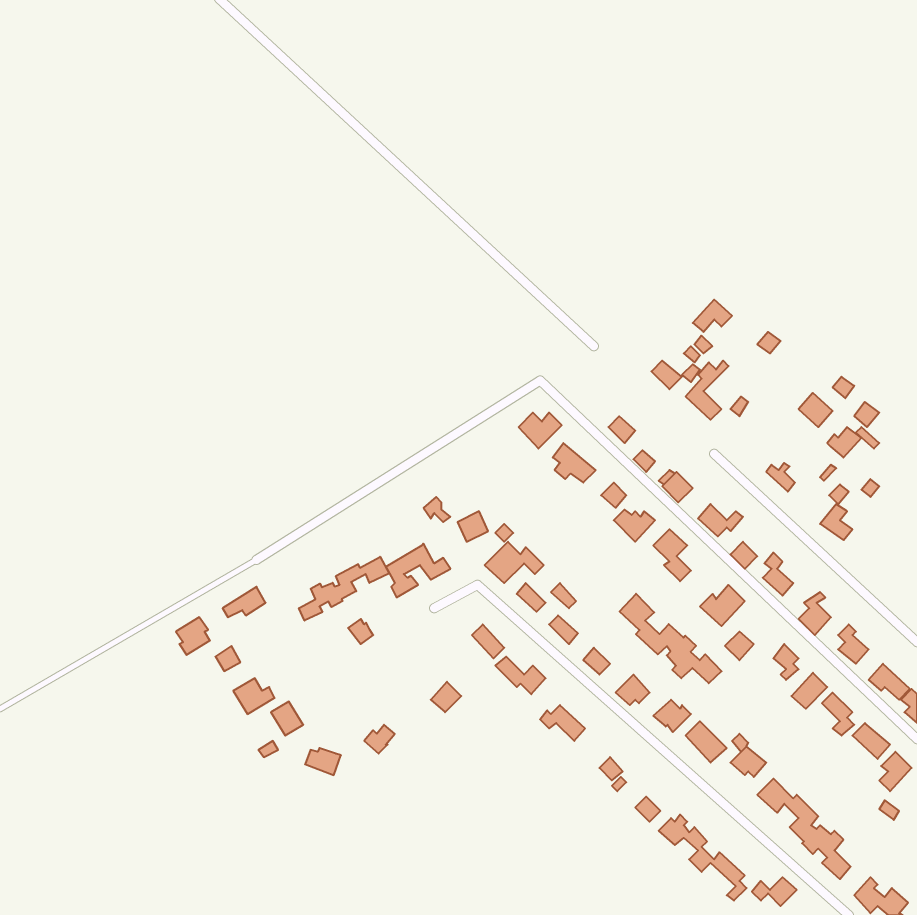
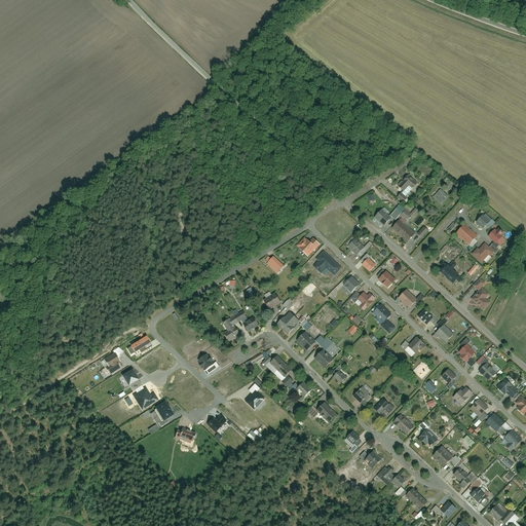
building: [299,557,389,621] -> none
building: [620,594,722,683] -> none

